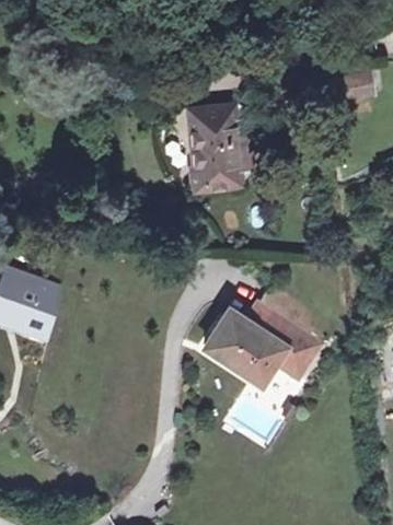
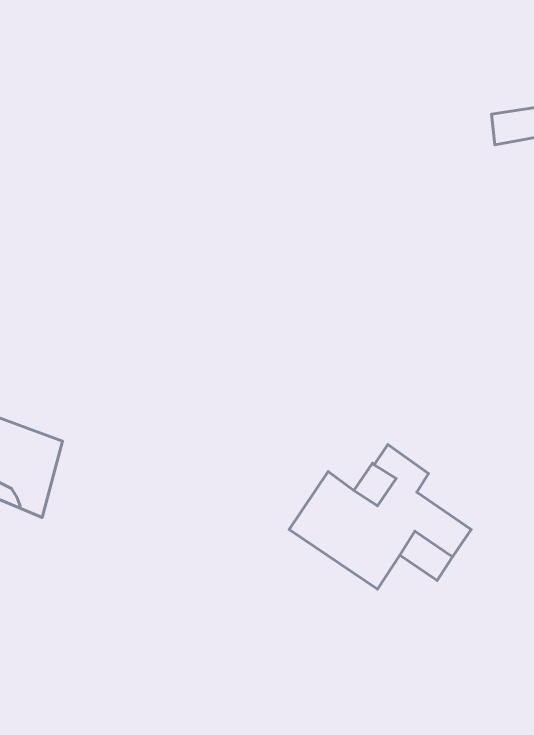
building: [186,108,238,192] -> none

